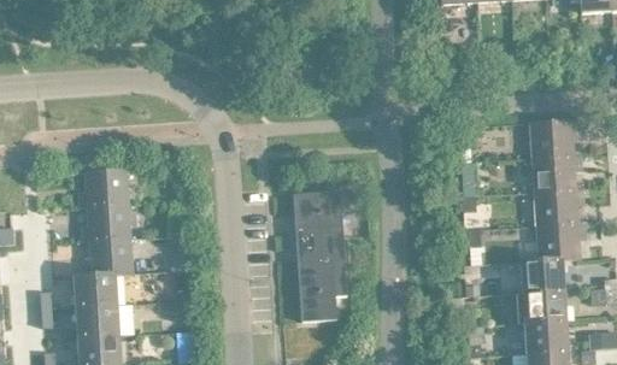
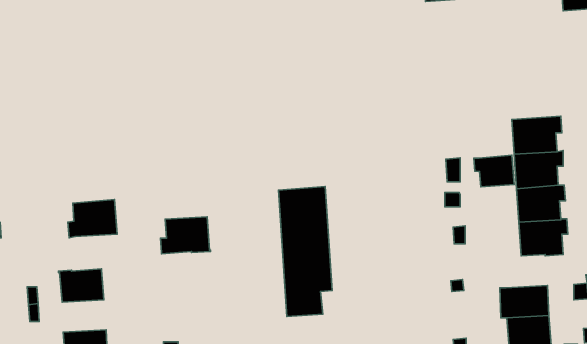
building: none -> [474,155,514,187]
building: [80,169,129,207] -> none
building: [84,239,135,276] -> [160,217,211,254]
building: [521,259,565,293] -> none
building: [76,305,121,337] -> none

